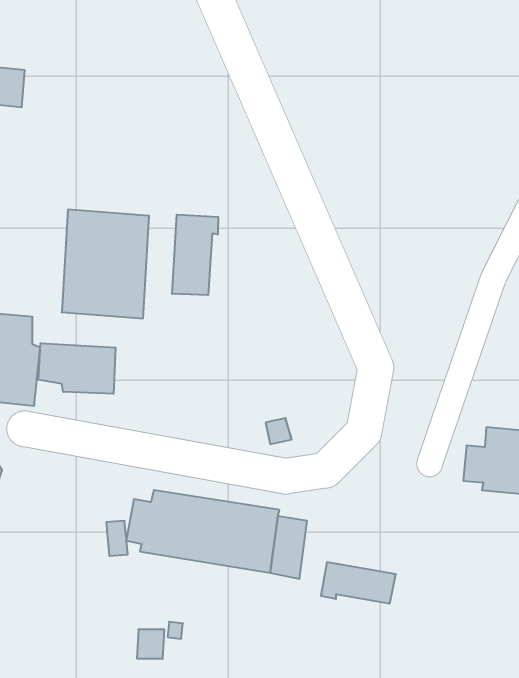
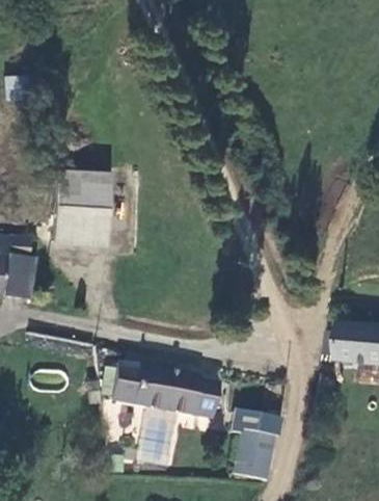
building: [172,215,218,295] -> none
building: [38,343,116,394] -> none
building: none -> [229,430,274,480]

